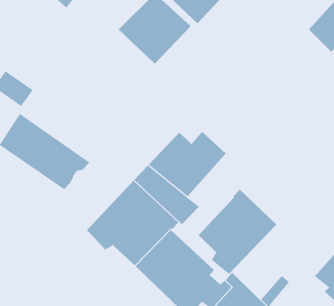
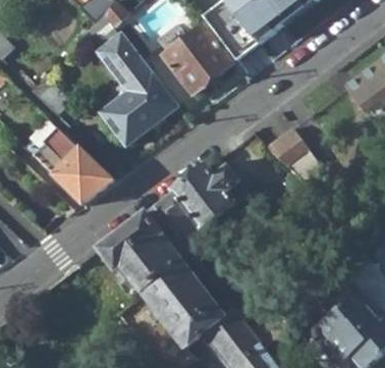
building: none -> [96,35,176,146]
building: none -> [265,126,321,182]
building: [198,189,277,275] -> none

